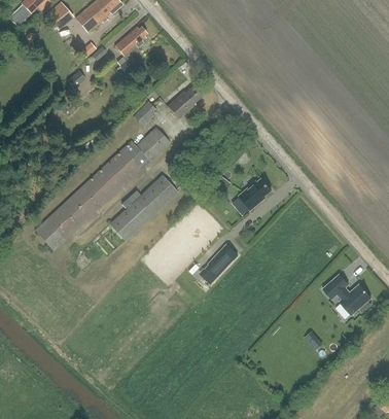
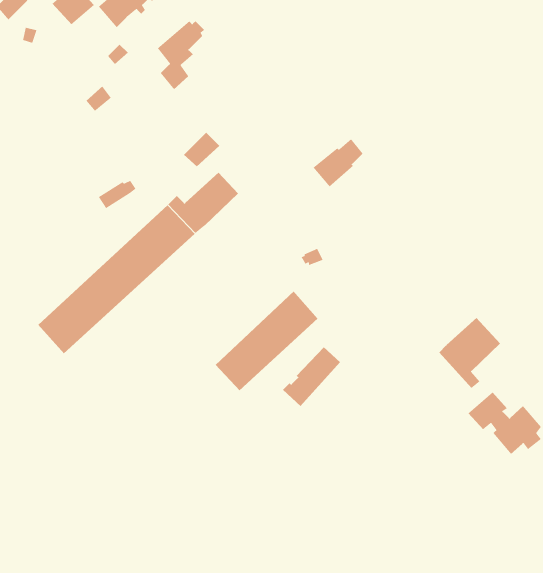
building: [168,84,202,117] -> [312,138,363,188]
building: [108,174,177,241] -> [215,291,319,391]
building: [238,177,273,210] -> none
building: none -> [438,317,501,389]

